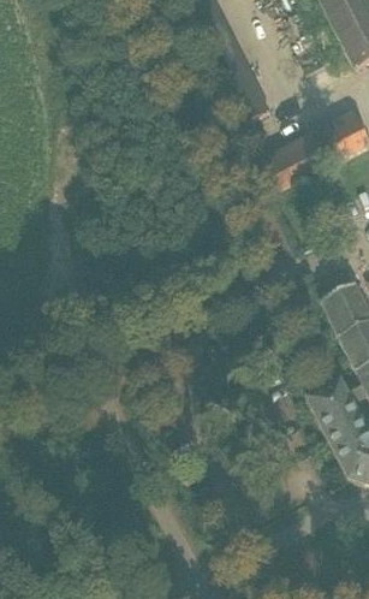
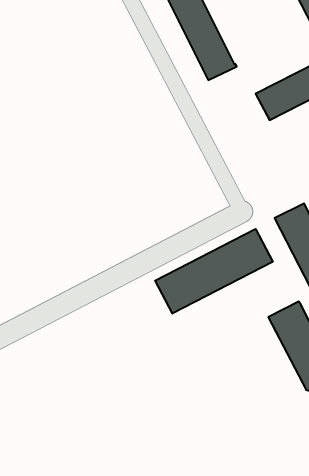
building: none -> [155,229,273,314]

